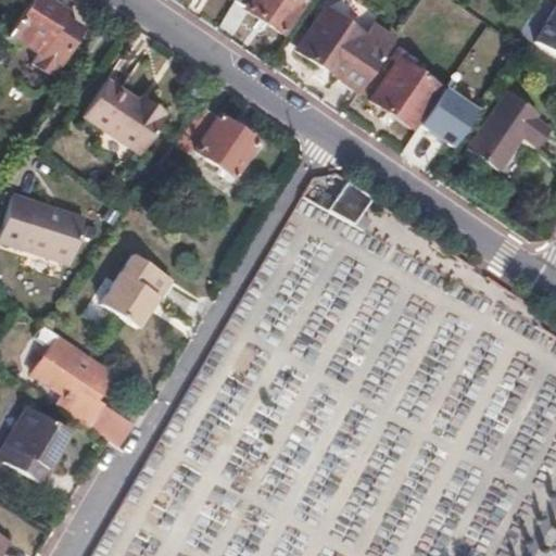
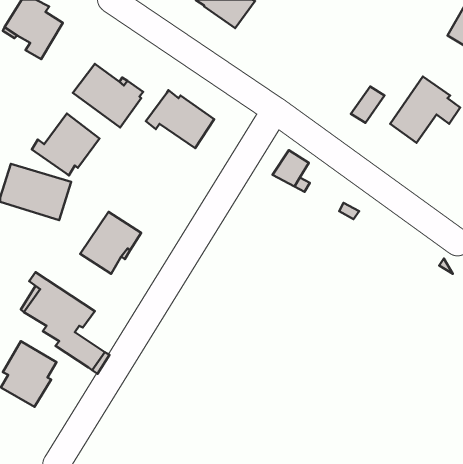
building: [298,9,396,92] -> none
building: [372,60,440,127] -> none
building: none -> [32,114,99,175]

